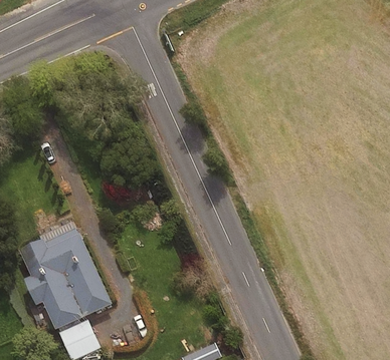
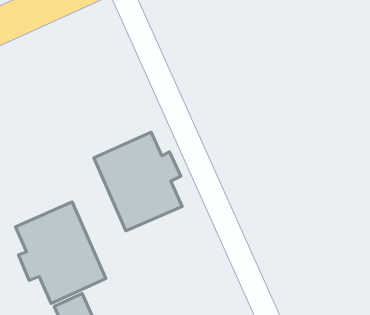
building: none -> [94,132,182,231]

